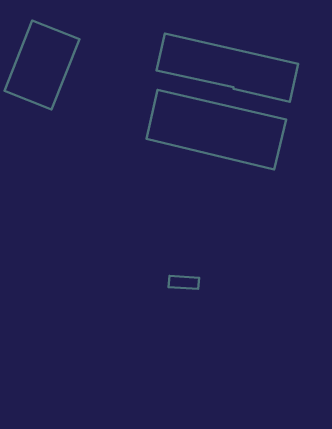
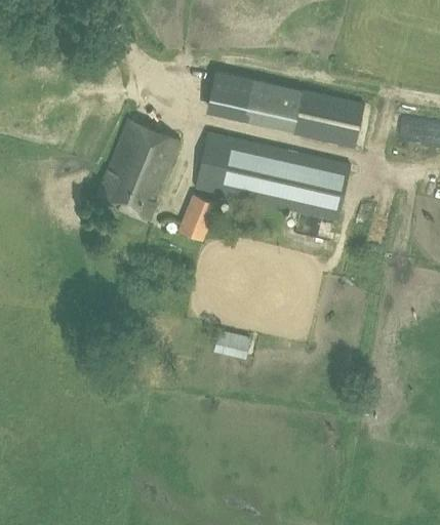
building: [4,21,79,109] -> [97,119,181,217]
building: none -> [177,195,217,240]

